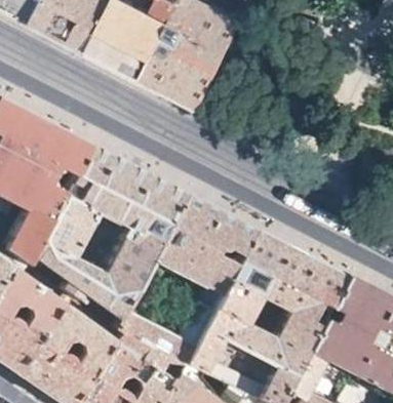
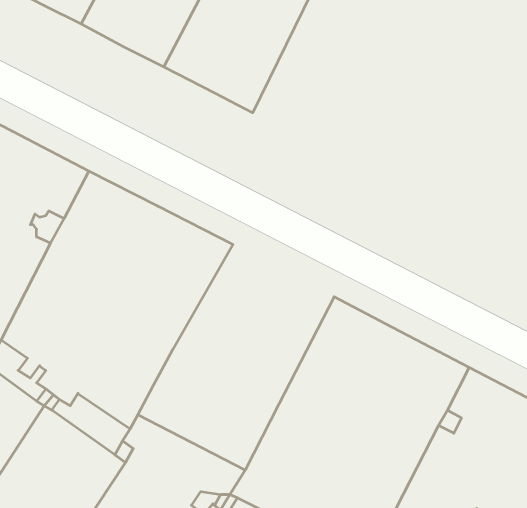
building: [151,196,259,303] -> none

